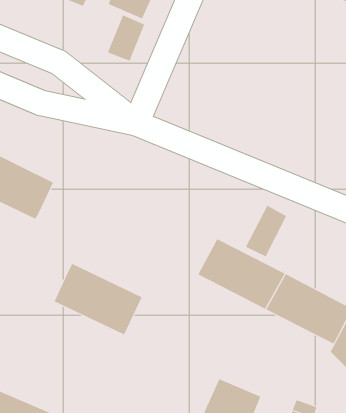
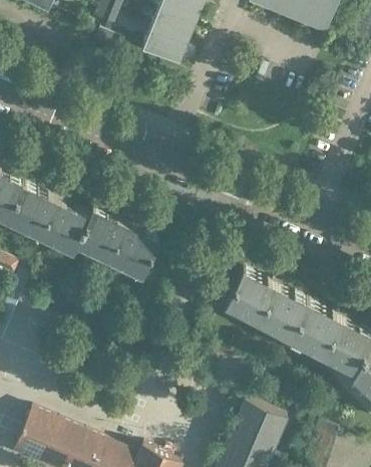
building: [107,15,145,61] -> none
building: [245,205,287,257] -> none
building: [54,263,143,335] -> [75,211,159,279]

